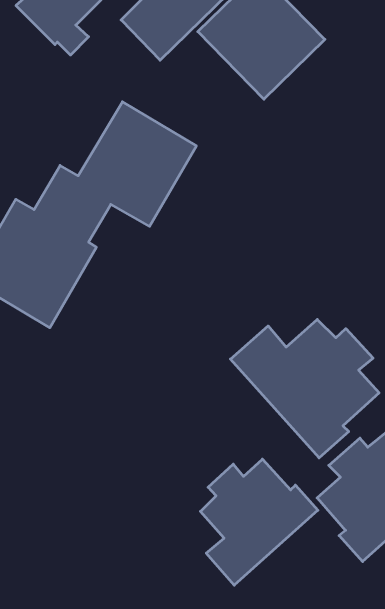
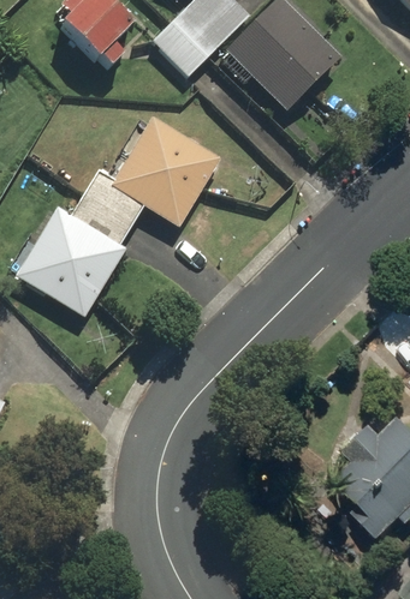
building: [230,319,379,458] -> none
building: [200,459,318,585] -> none

